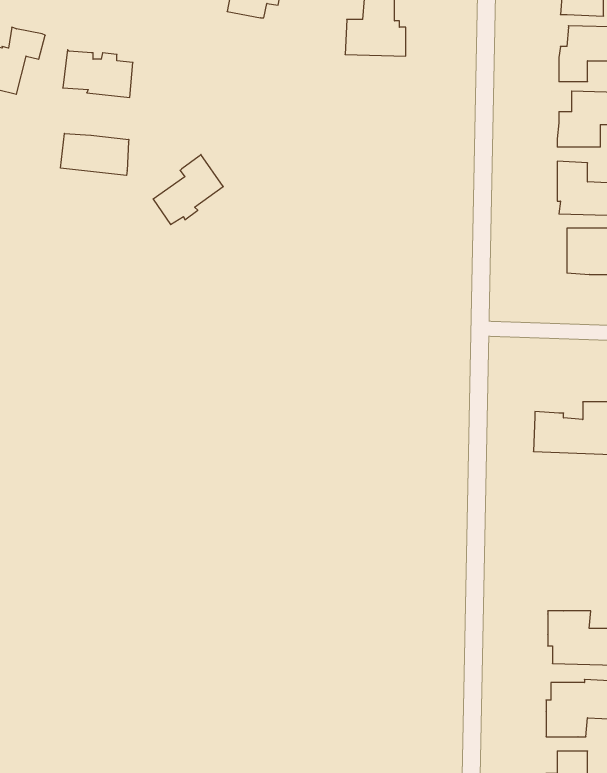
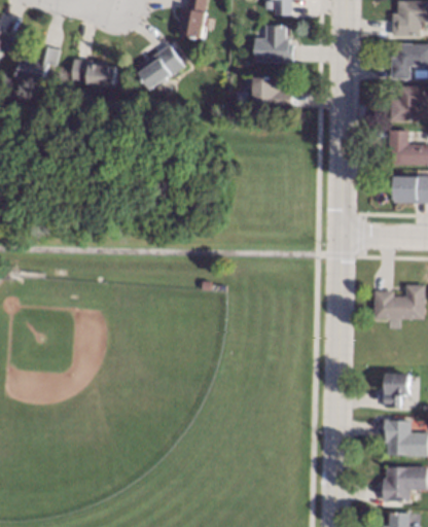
building: none -> [251,77,290,107]
building: [61,133,129,175] -> none
building: [153,154,223,225] -> [137,43,182,89]
building: none -> [384,374,409,407]

